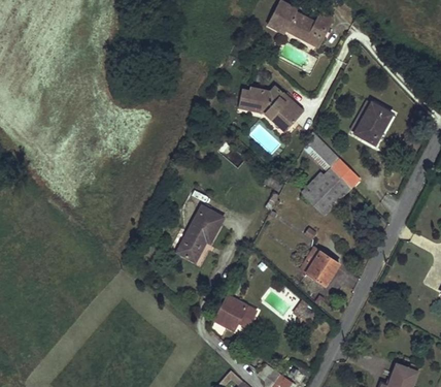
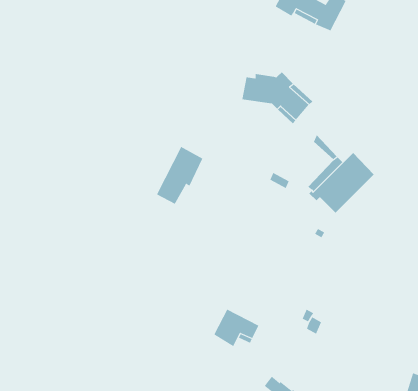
building: [355,102,391,141] -> none
building: [179,206,223,260] -> [156,146,203,205]
building: [299,247,338,284] -> none

